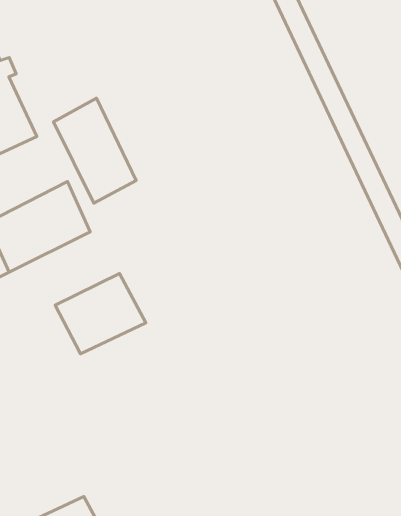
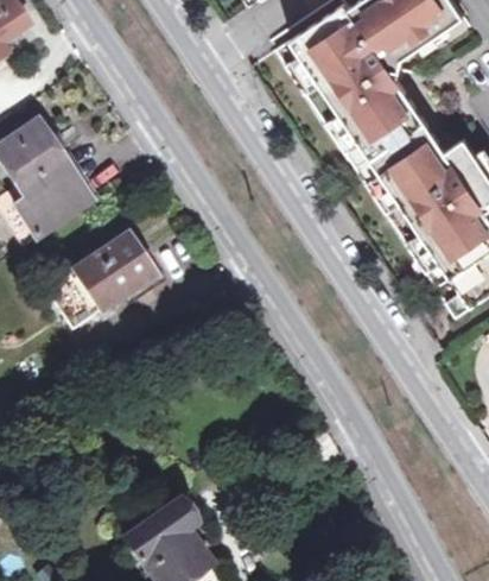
building: [54,98,136,203] -> none
building: [55,273,146,354] -> none

